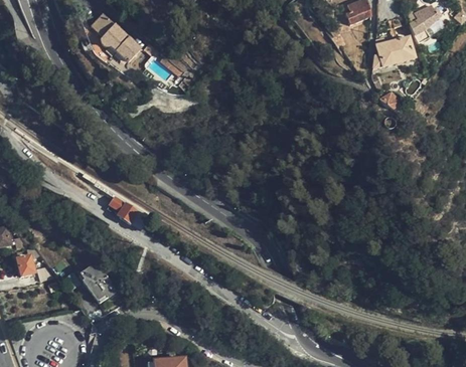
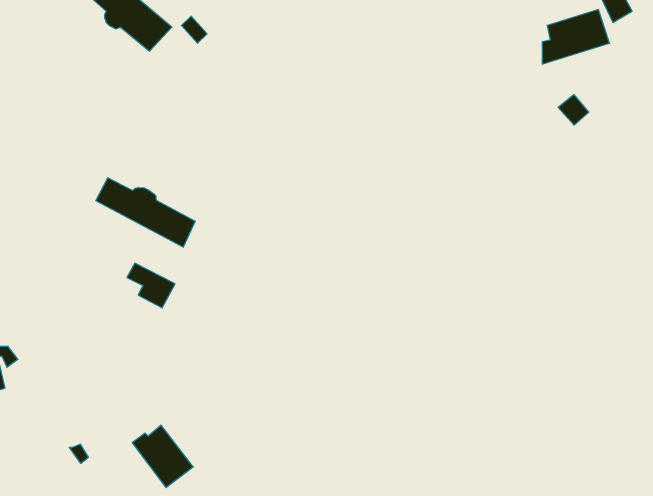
building: none -> [96,178,195,247]
building: [77,264,116,304] -> [132,425,193,488]

